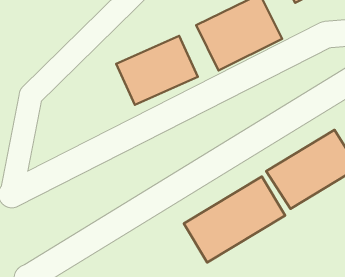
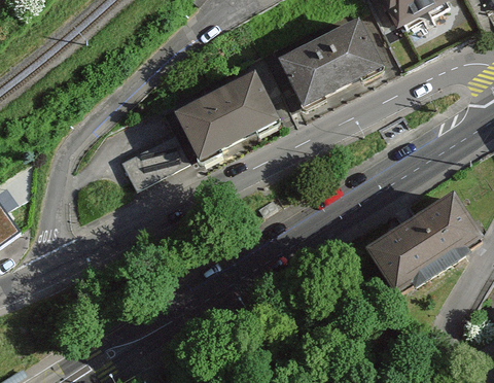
building: none -> [123,136,191,192]
building: [184,176,285,263] -> none

